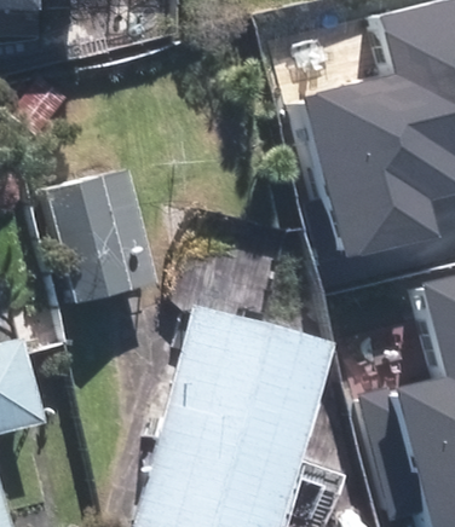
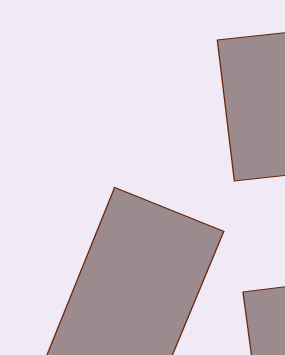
building: [45,166,156,300] -> none

